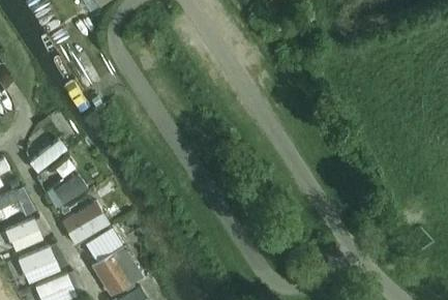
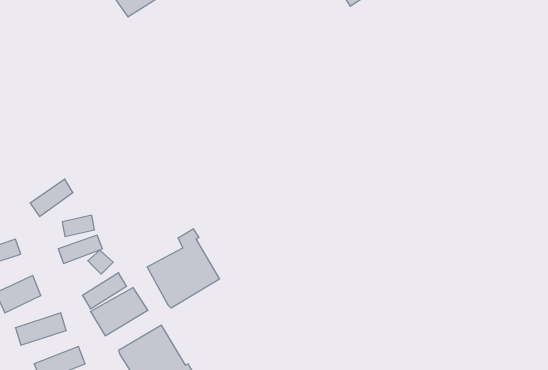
building: none -> [147,229,219,308]

